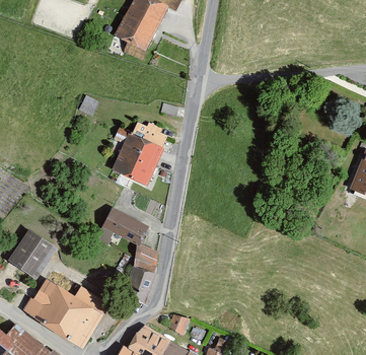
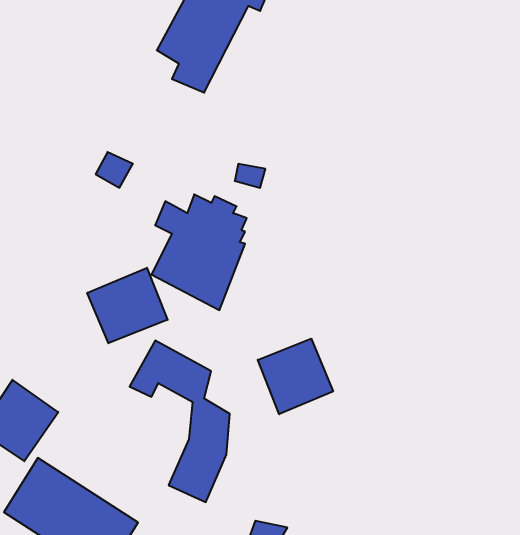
building: none -> [87,268,168,343]
building: none -> [258,339,333,414]

